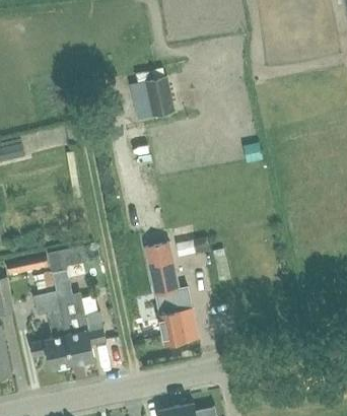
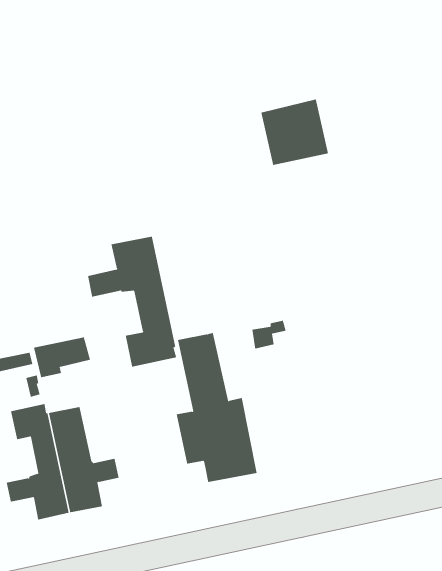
building: [129,76,175,121] -> [260,99,329,166]
building: none -> [87,236,177,367]

